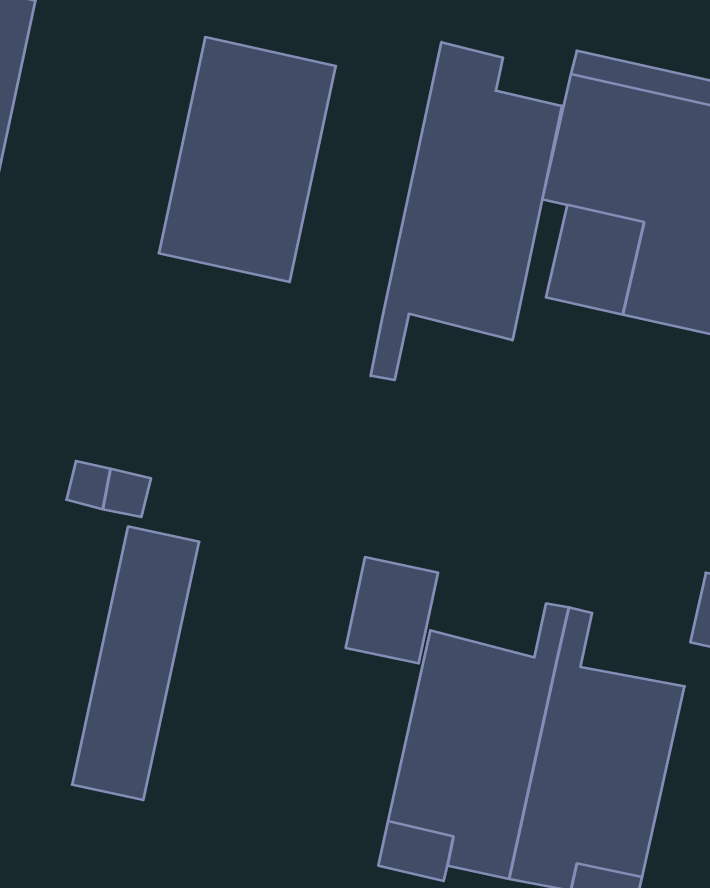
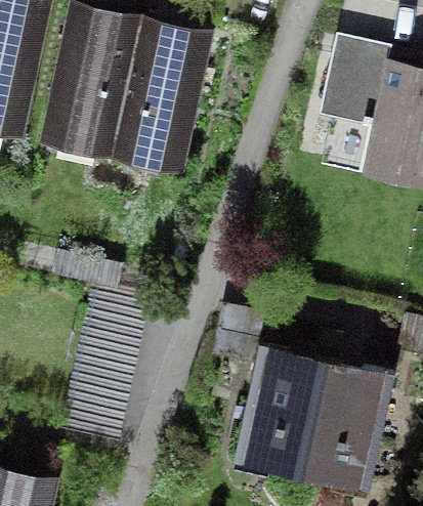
building: none -> [44,11,139,141]
building: [371,42,562,380] -> none

